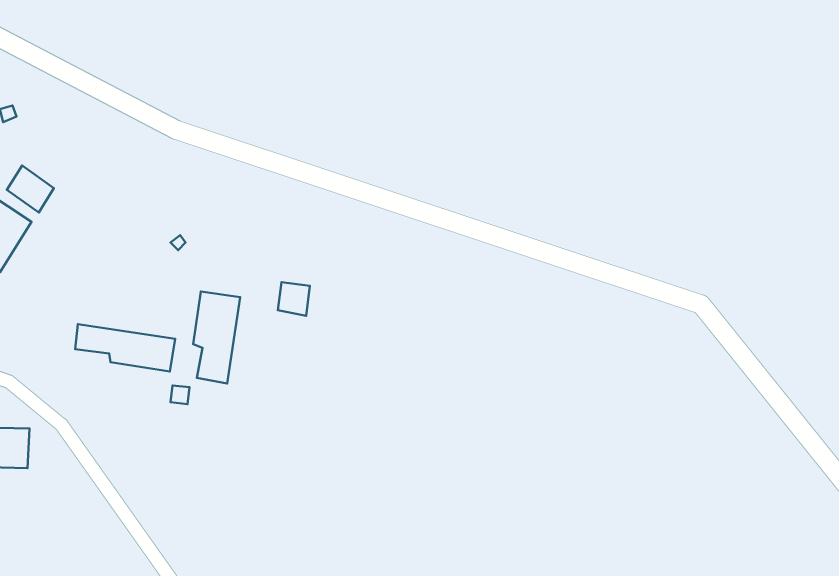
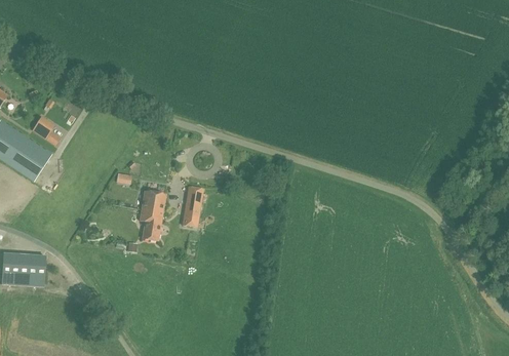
building: none -> [181,199,200,226]
building: [75,324,175,371] -> none

